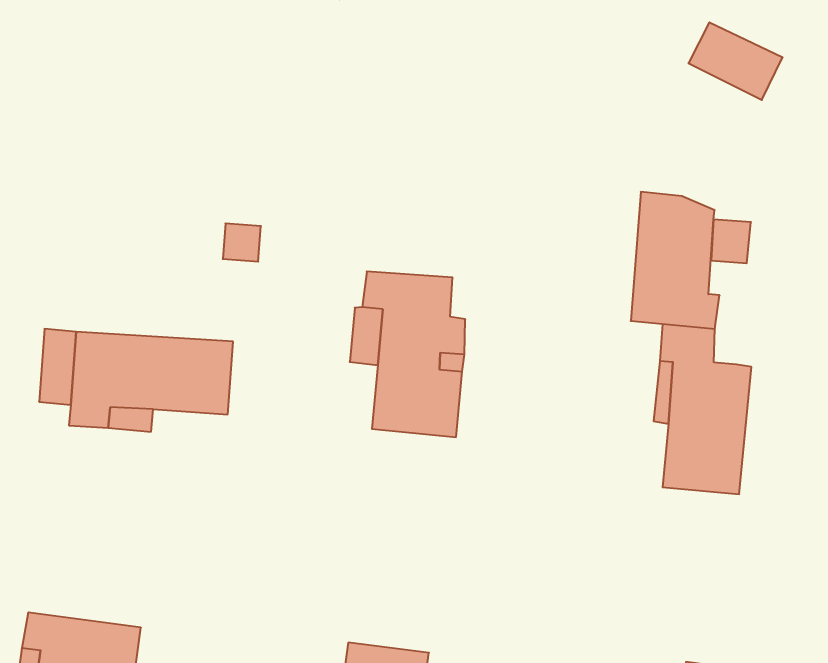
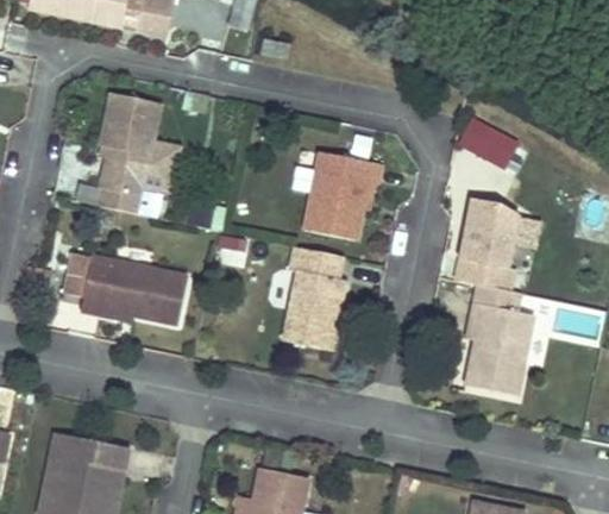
building: [688,22,783,100] -> [458,118,519,170]
building: none -> [106,95,170,209]
building: none -> [301,140,375,228]

